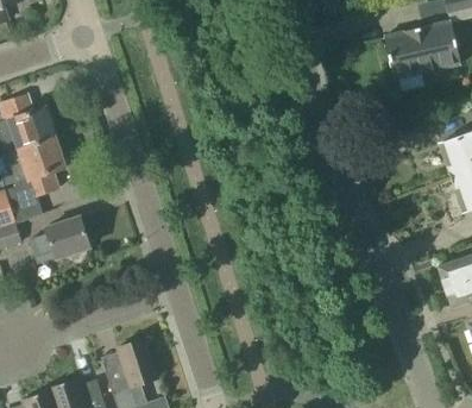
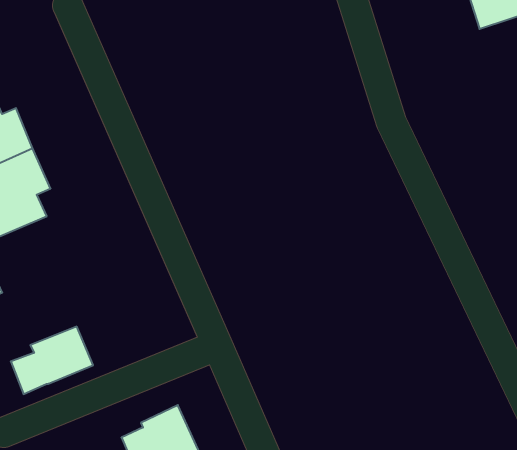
building: [30,216,90,263] -> [11,327,93,394]

